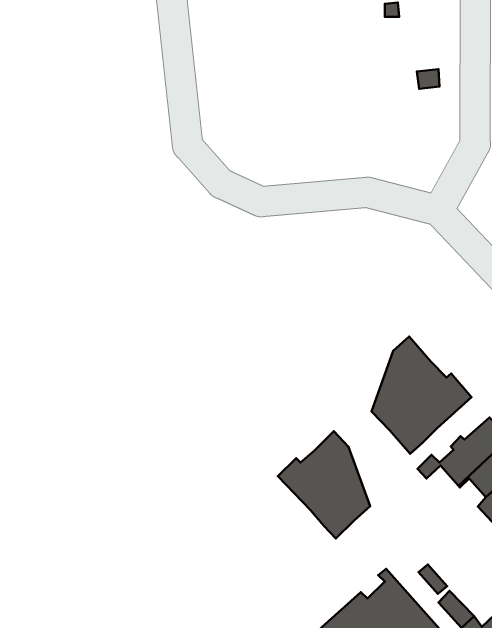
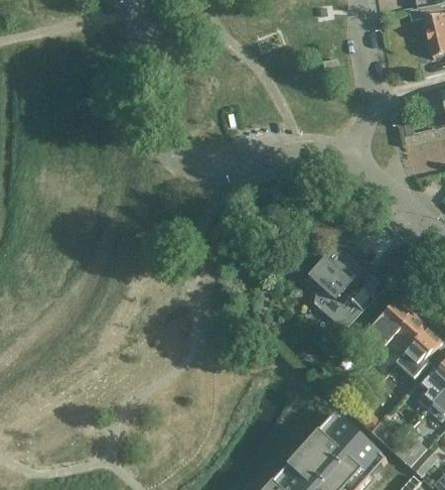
building: [278,431,370,539] -> none

